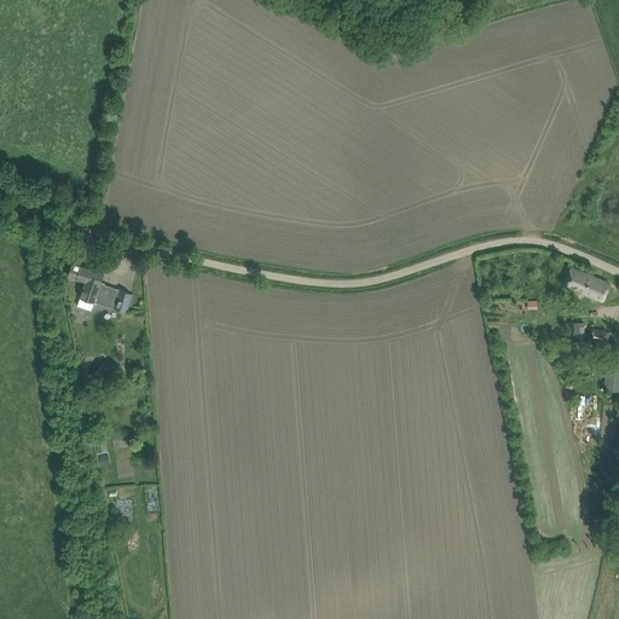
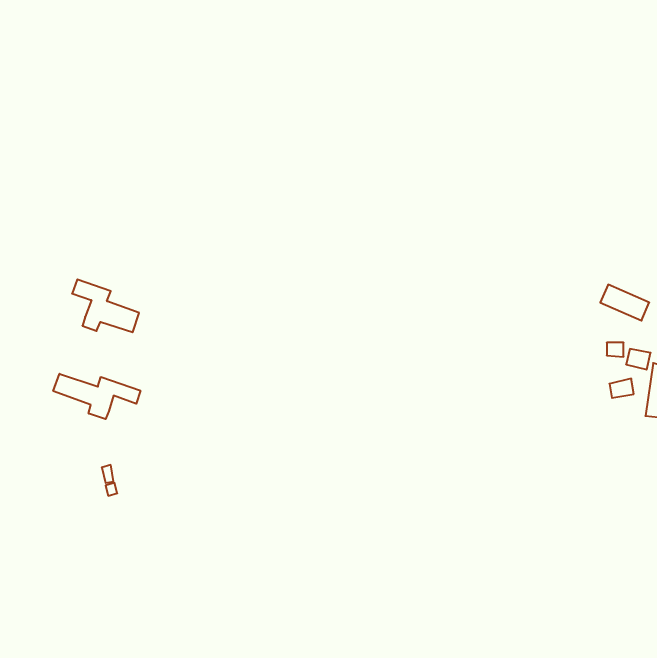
building: none -> [53,374,140,419]

